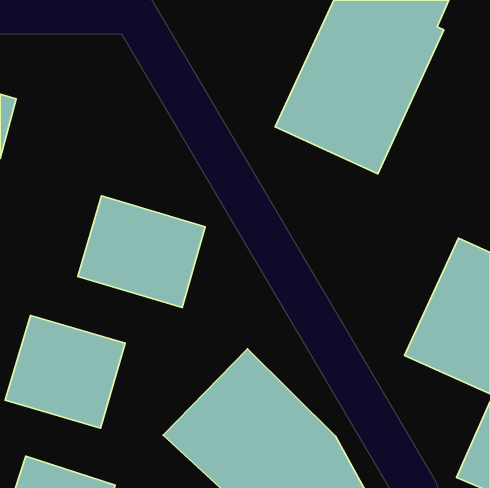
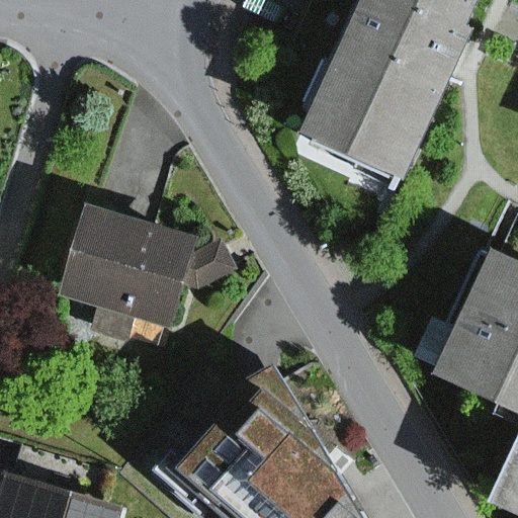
building: [5,316,125,428] -> none

